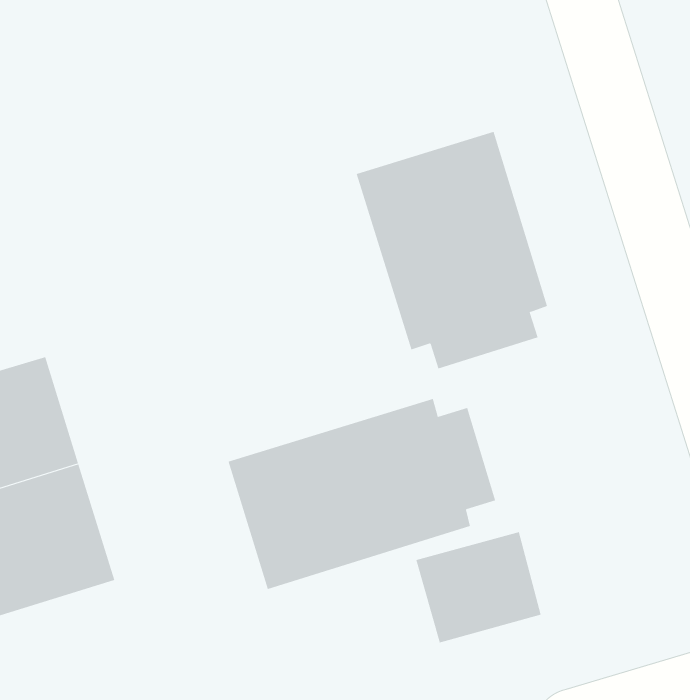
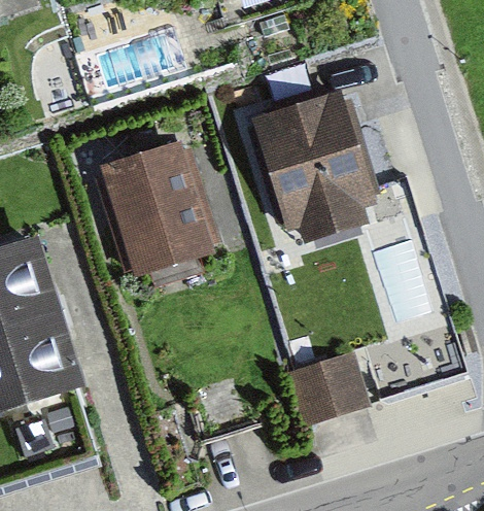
building: none -> [101,141,222,271]
building: [228,398,496,590] -> none

